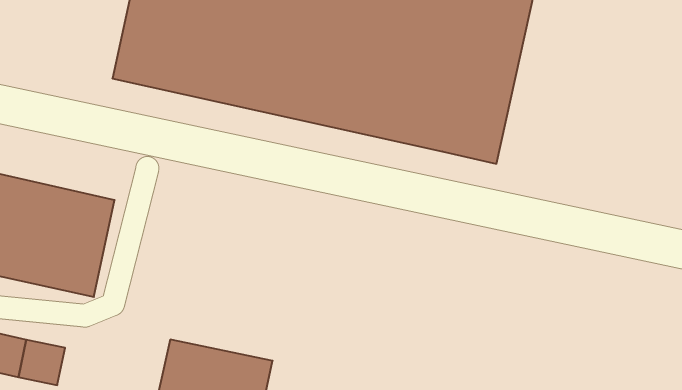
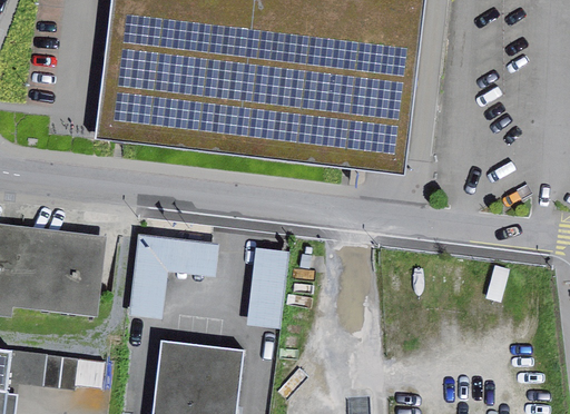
building: none -> [128,231,219,315]
building: none -> [247,244,286,324]

